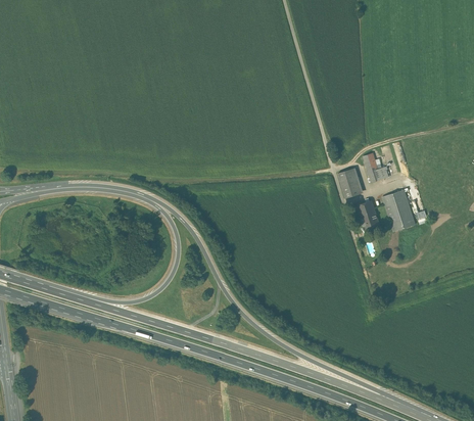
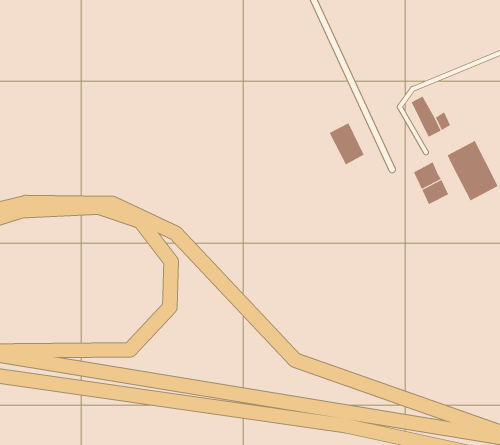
building: [338,168,361,197] -> [329,122,364,165]

